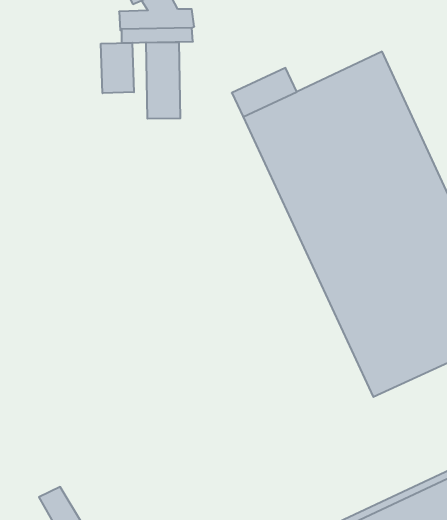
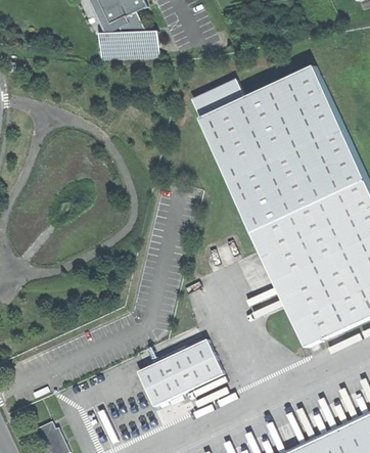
building: [146,42,180,119] -> none
building: [101,43,134,93] -> none
building: none -> [137,338,223,406]

